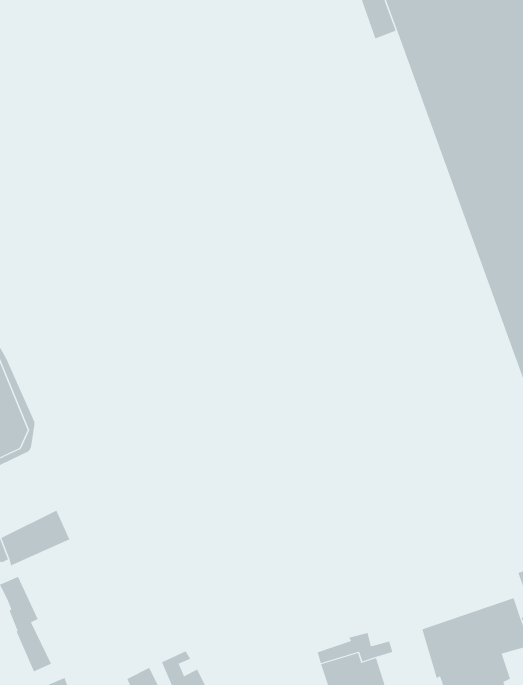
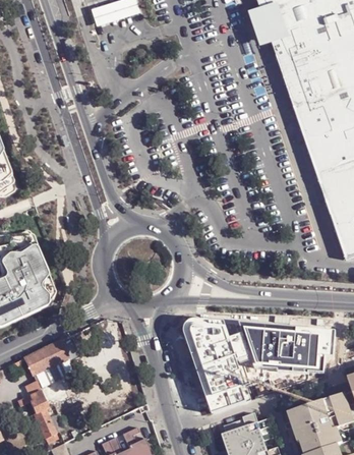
building: none -> [180,320,328,414]

